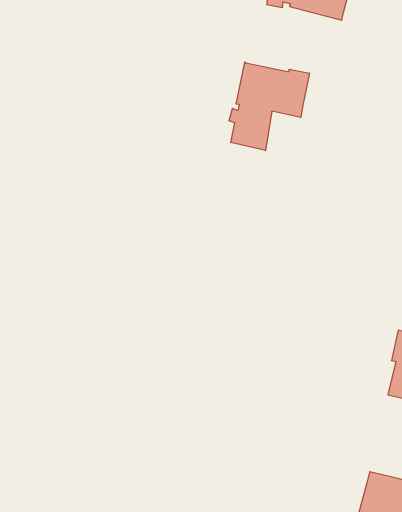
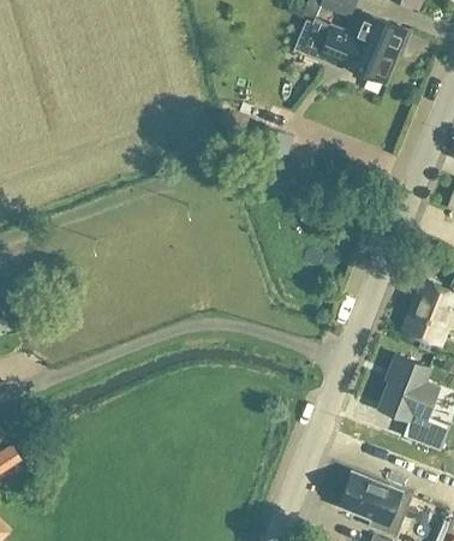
building: [229,62,310,151] -> none

